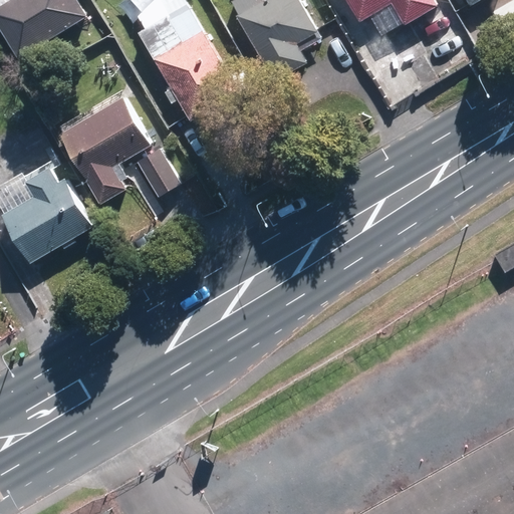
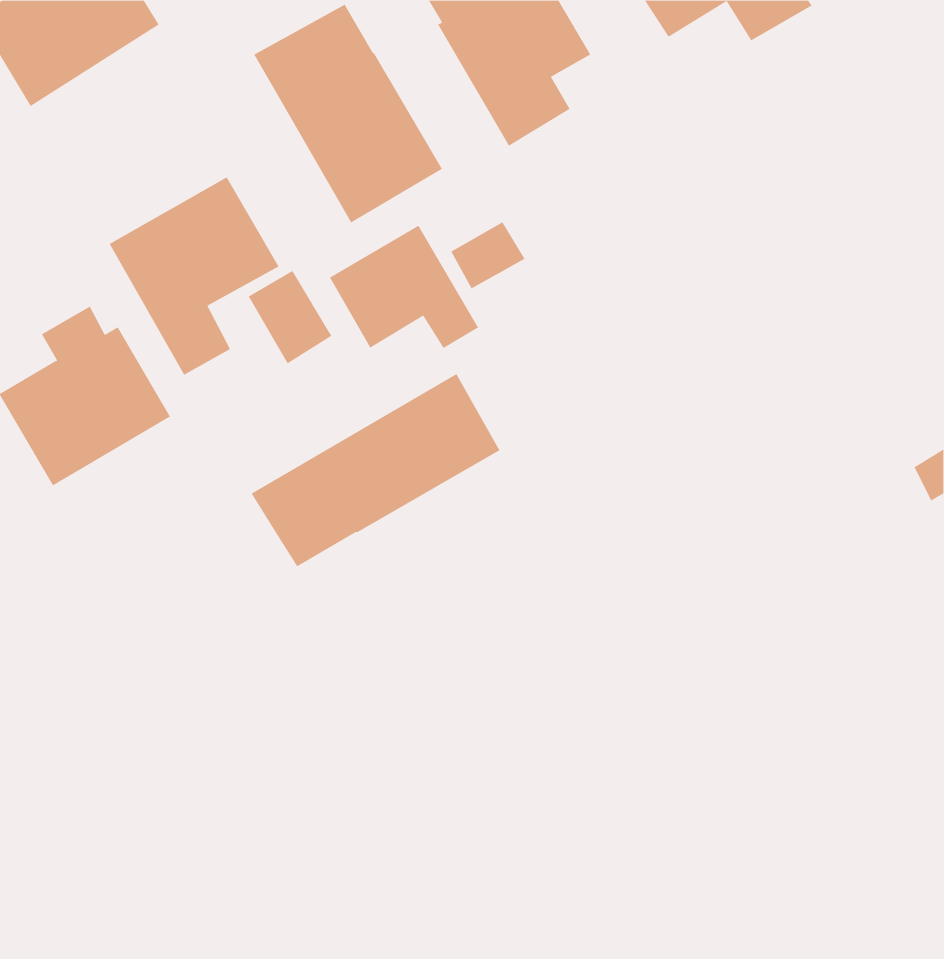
building: none -> [329,225,479,349]
building: none -> [251,373,500,567]

